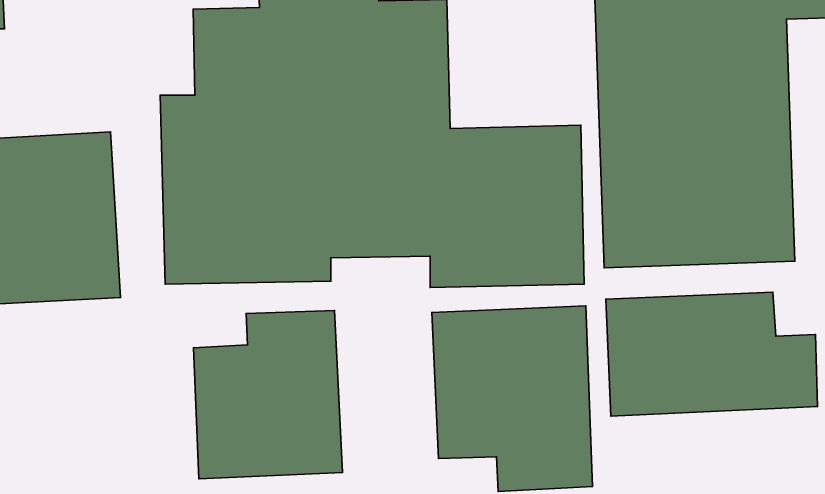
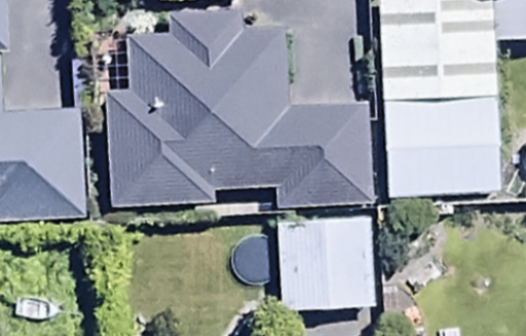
building: [606,292,818,416] -> none
building: [194,311,342,479] -> none

